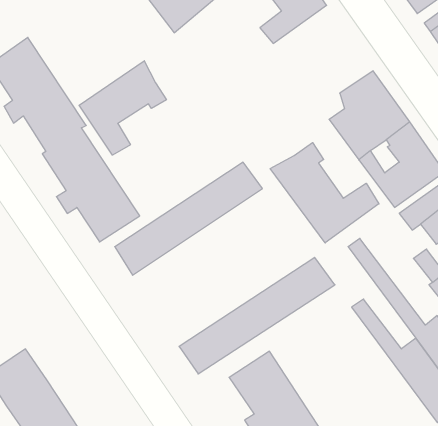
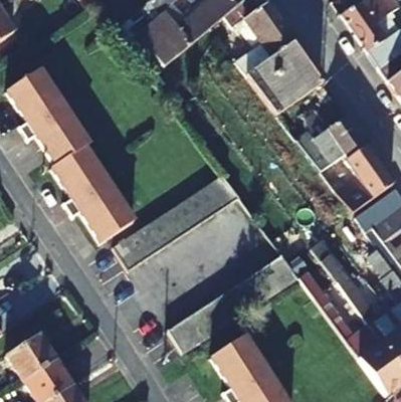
building: none -> [248,41,323,114]
building: [79,61,166,155] -> none
building: [270,143,379,243] -> none

